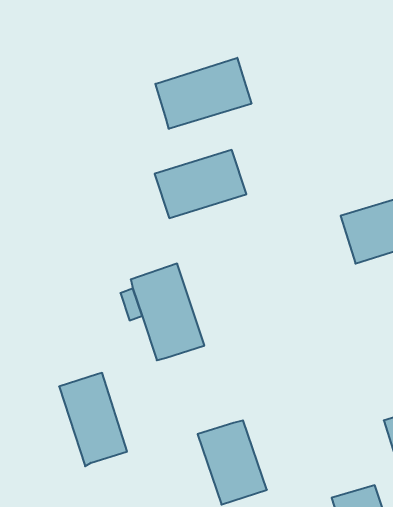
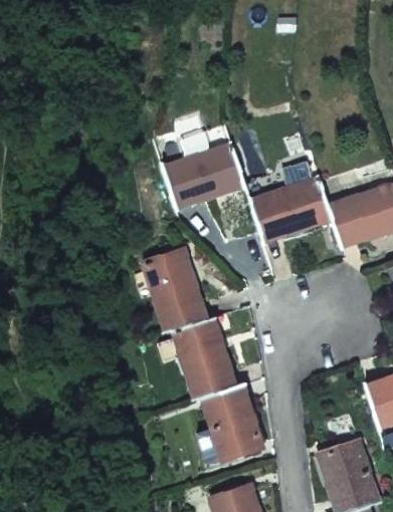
building: [155,58,251,129] -> none
building: none -> [250,178,334,240]
building: [59,373,127,466] -> [174,317,234,400]

